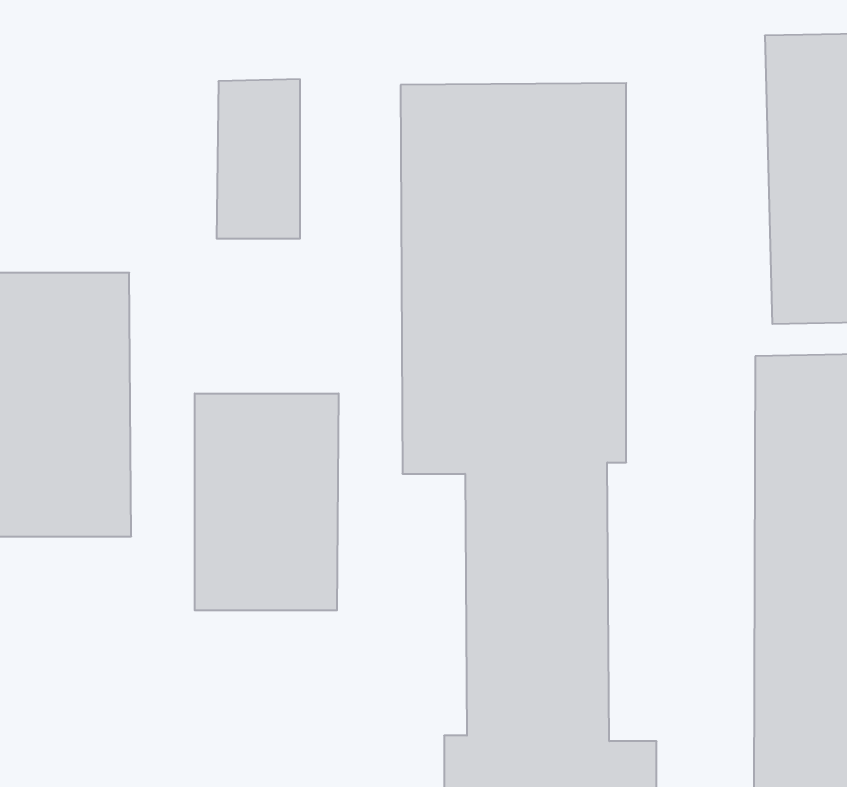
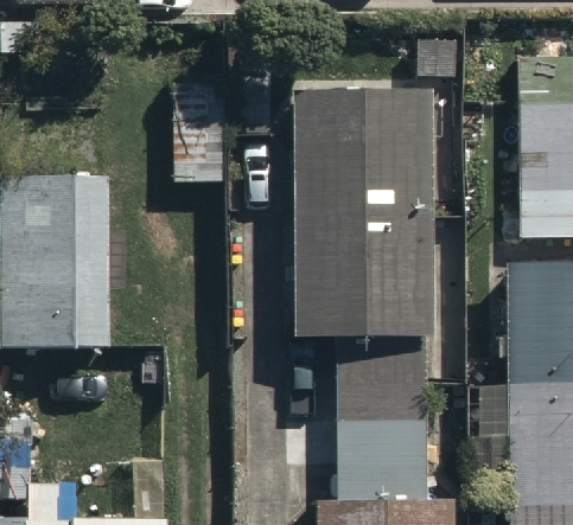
building: [195,393,339,610] -> none

